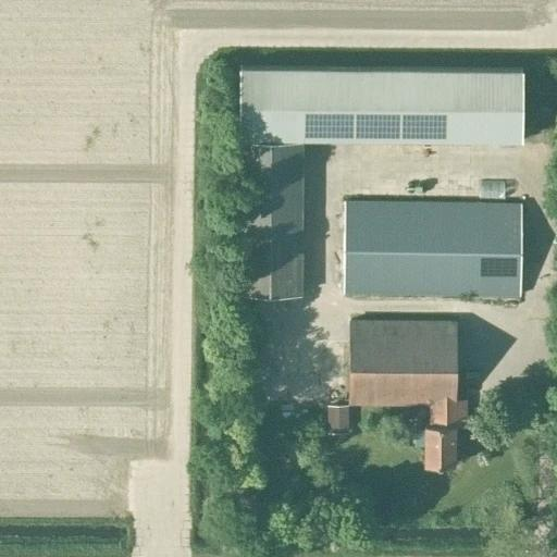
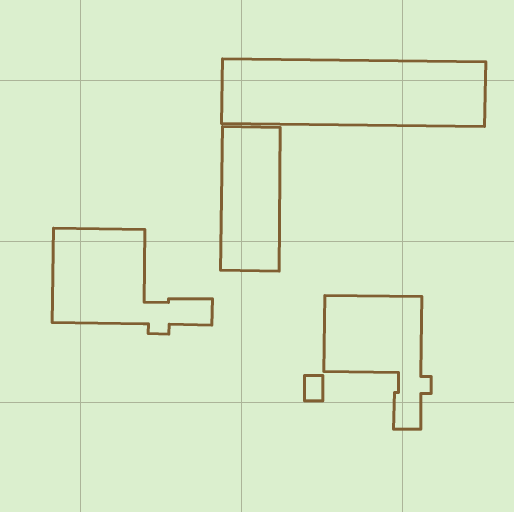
building: [345,203,523,299] -> none
building: none -> [52,228,213,334]

